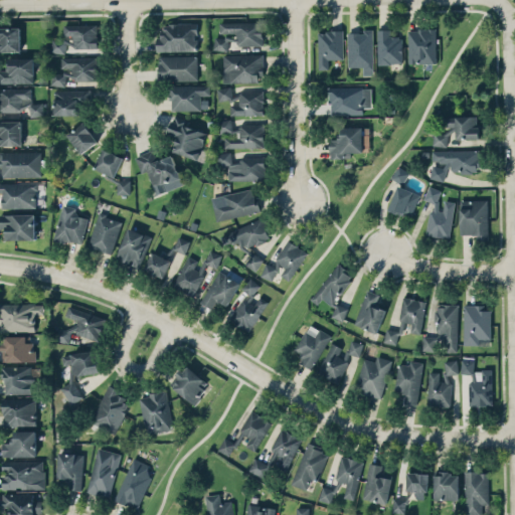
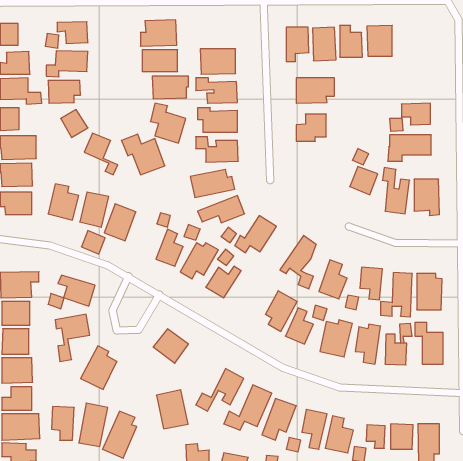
building: [219,23,263,47] -> none
building: [144,253,170,280] -> [81,231,105,254]
building: [138,392,173,436] -> [156,390,188,429]

